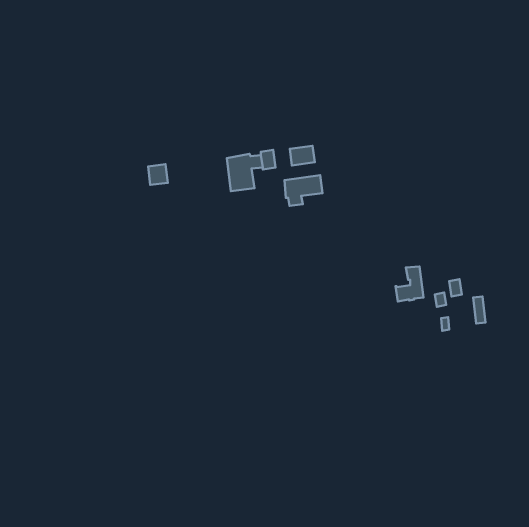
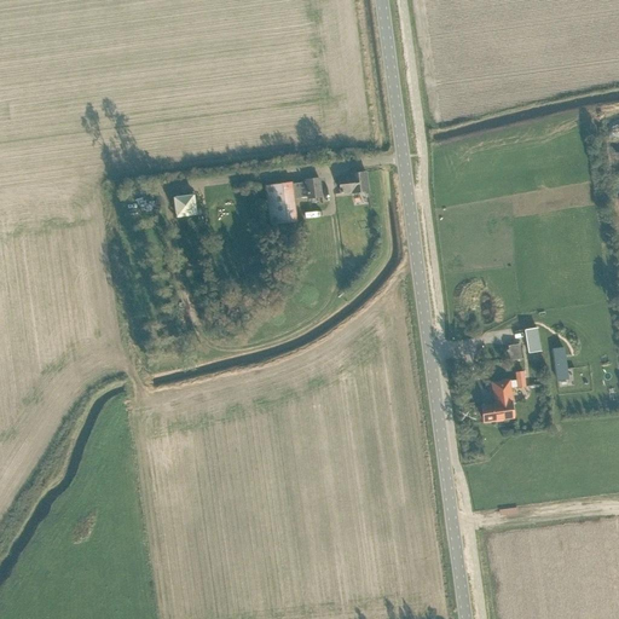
building: [285,175,322,206] -> none
building: [396,267,424,302] -> [481,380,514,421]

